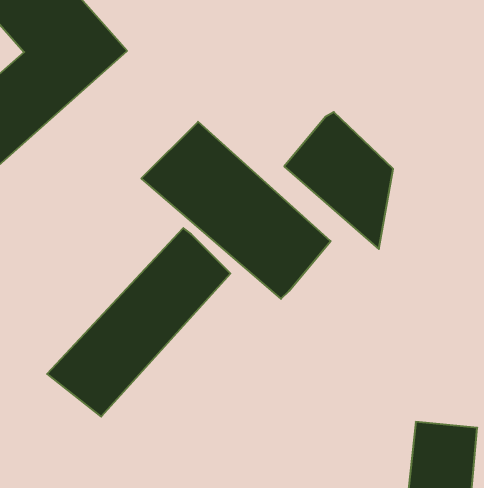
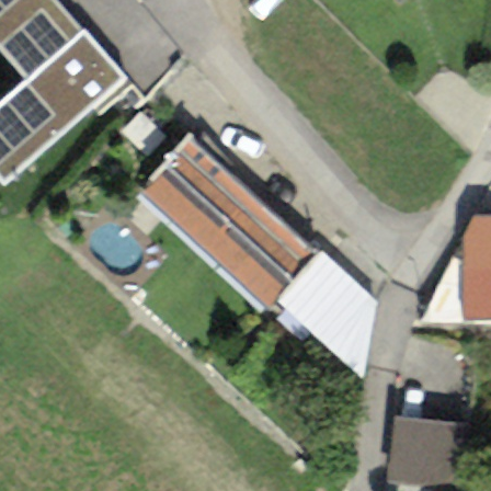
building: [284,112,393,249] -> [276,249,377,376]
building: [47,228,230,417] -> none

